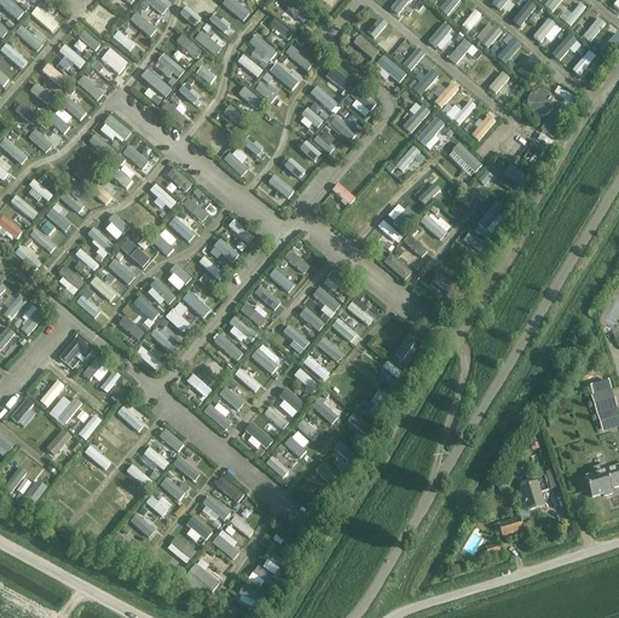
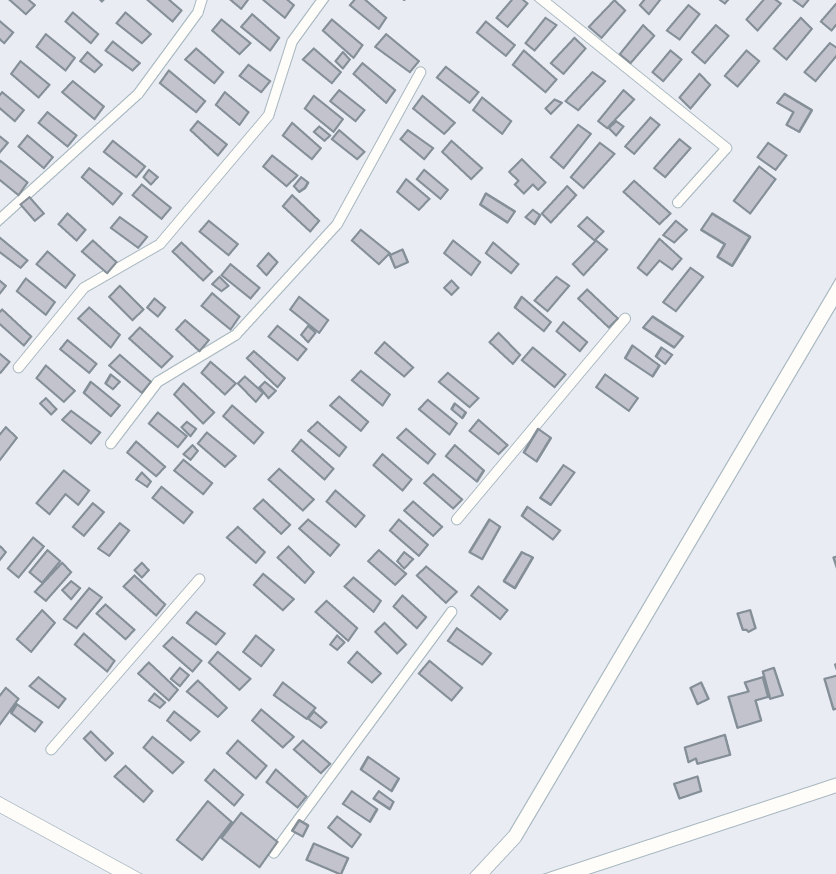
building: [526,87,553,114] -> none
building: none -> [177,801,232,860]

